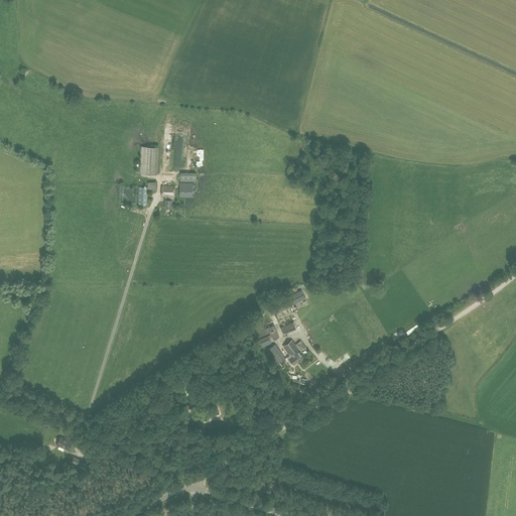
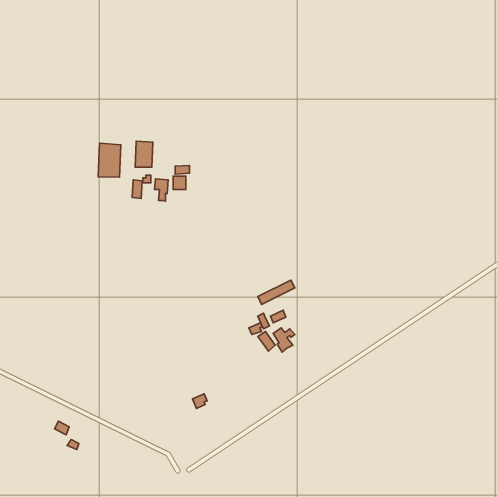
building: none -> [98,143,121,177]

